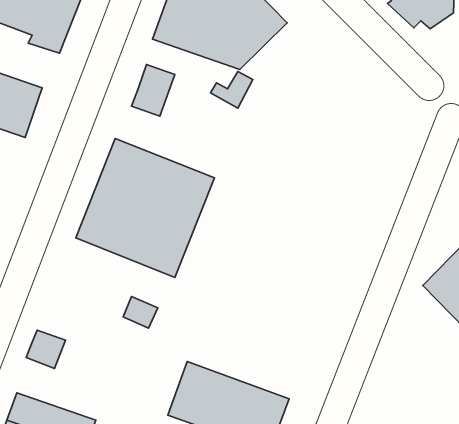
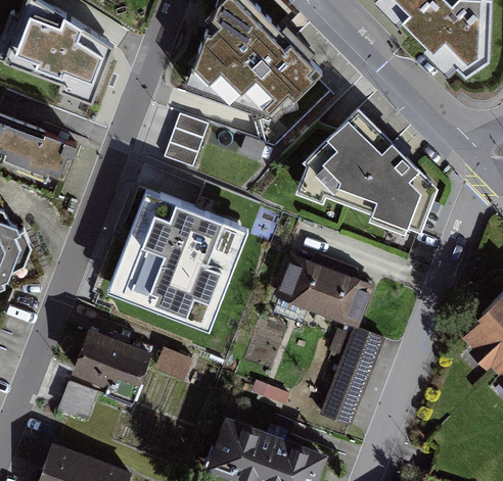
building: none -> [293,104,435,227]
building: none -> [278,258,374,326]
building: none -> [321,328,380,422]
building: none -> [72,331,151,398]

